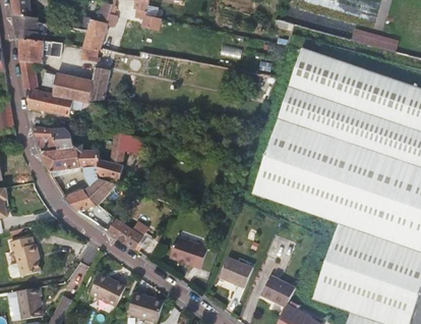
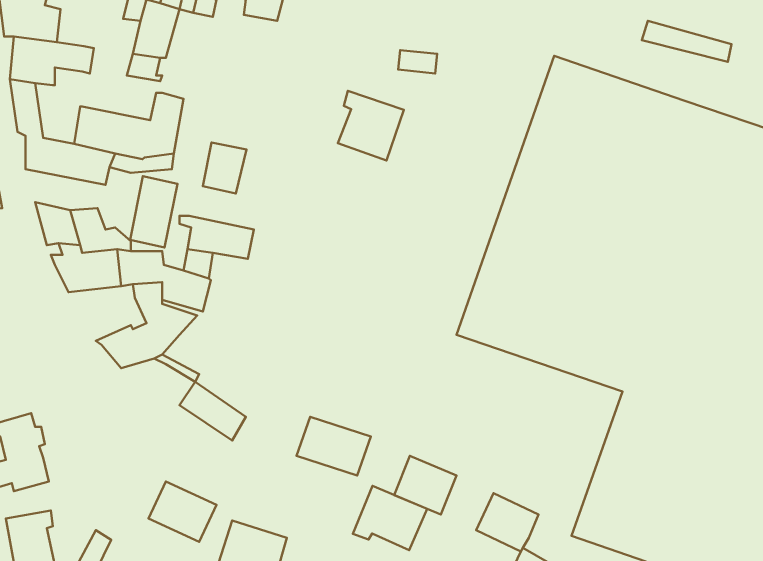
building: none -> [338,91,404,161]
building: none -> [203,142,246,194]
building: none -> [130,176,177,247]
building: none -> [353,486,427,550]

